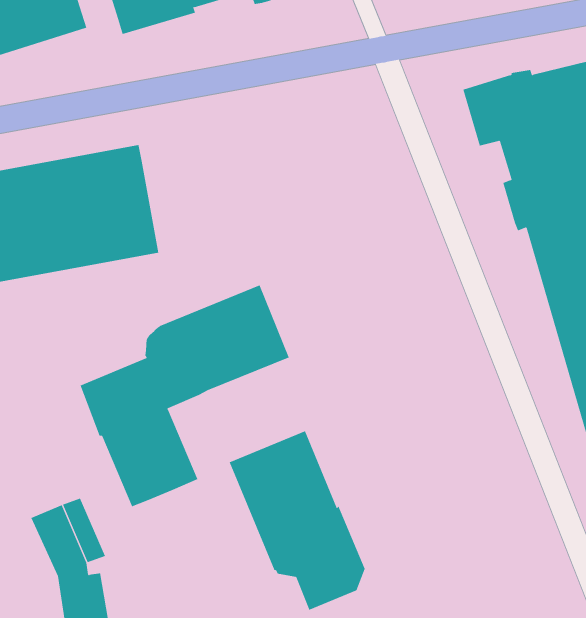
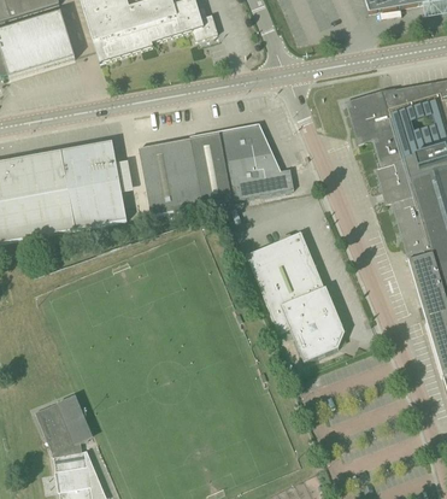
building: none -> [139,124,294,213]
building: [80,285,290,507] -> none
building: [229,431,365,611] -> [246,230,345,360]

